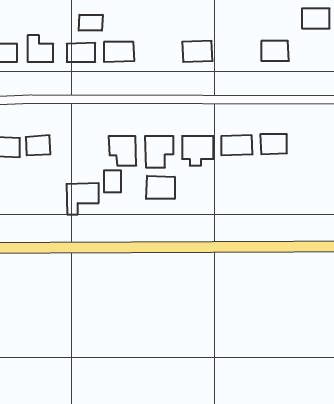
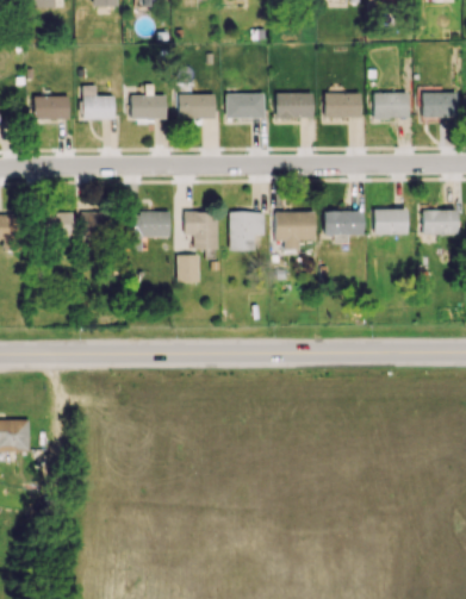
building: [302,8,330,28] -> [422,93,456,118]
building: [79,15,103,31] -> none
building: none -> [226,93,265,119]
building: none -> [324,93,361,118]
building: none -> [422,210,456,235]
building: [146,176,175,199] -> none
building: [66,183,99,215] -> [129,212,169,251]

